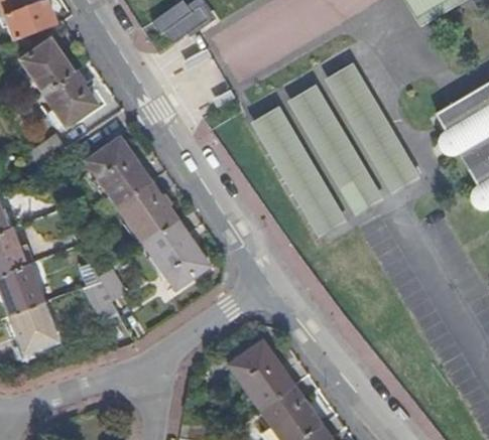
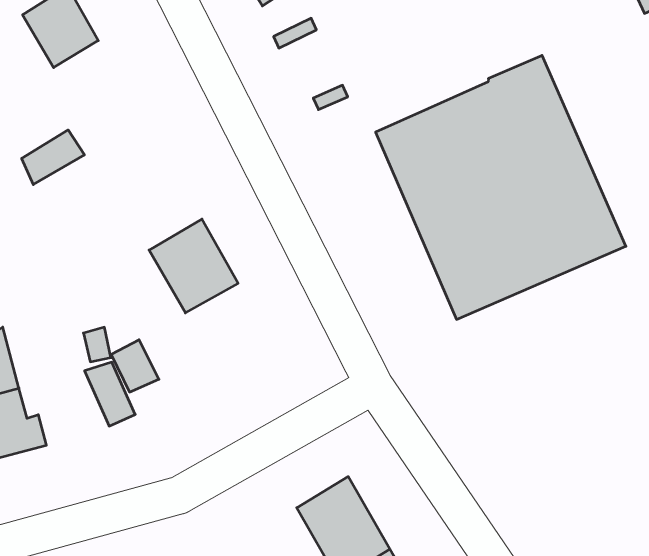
building: [43,74,98,128] -> none
building: [88,140,150,206] -> none
building: [145,223,208,289] -> none

